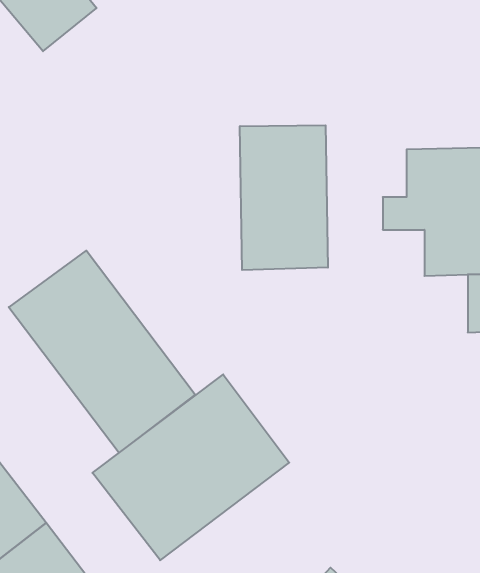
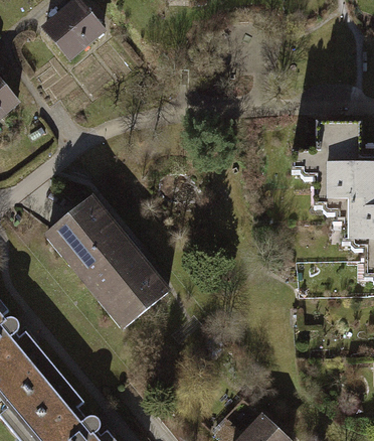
building: [240,125,328,270] -> none
building: [92,374,289,560] -> none

